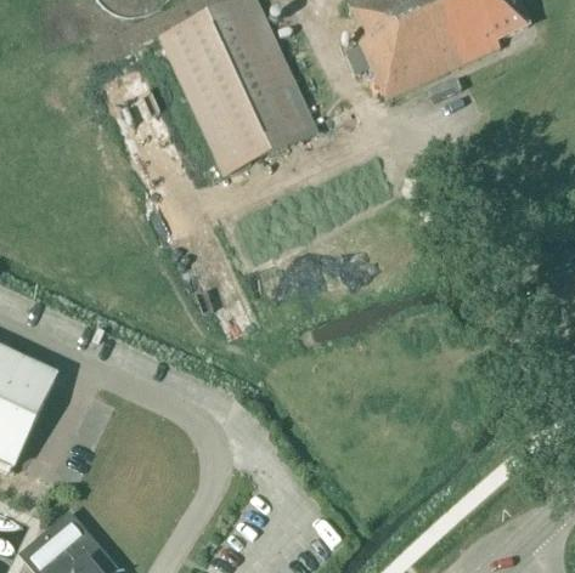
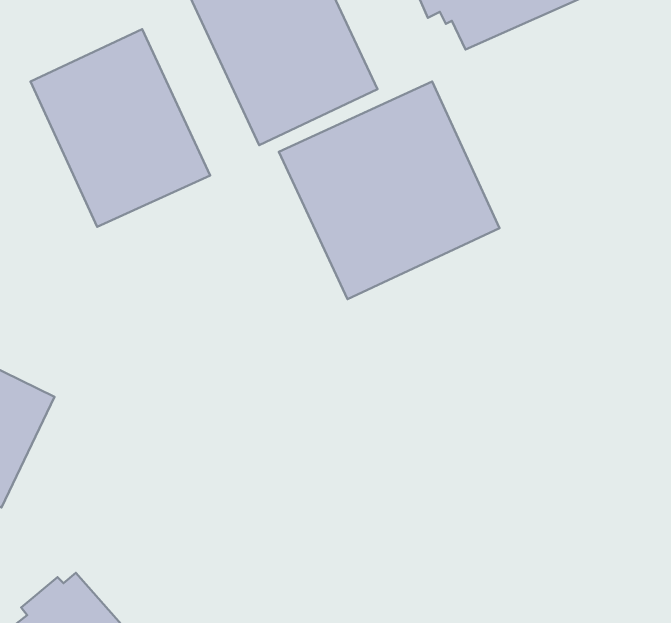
building: none -> [30,29,210,227]
building: none -> [279,82,500,299]

